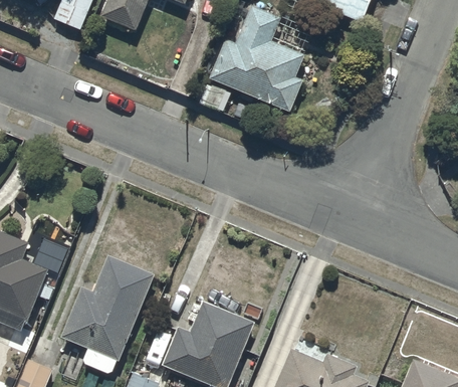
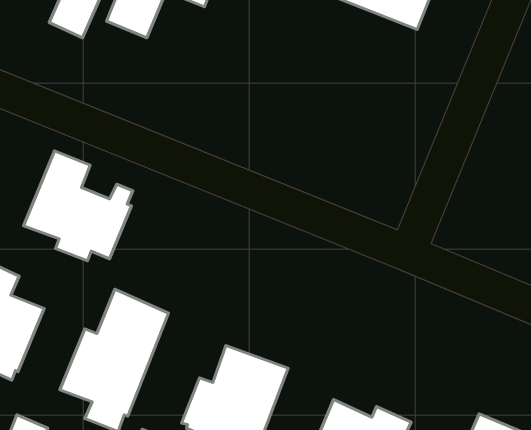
building: [208,14,305,122] -> none
building: none -> [24,151,133,261]

